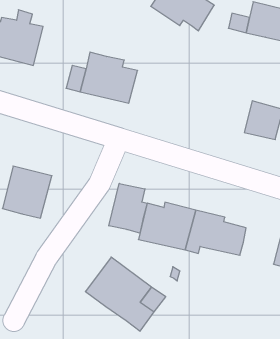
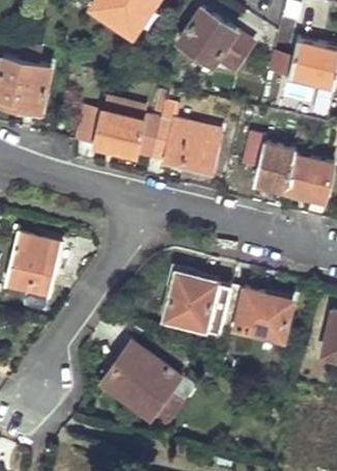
building: none -> [152,121,220,173]
building: none -> [244,135,298,194]
building: [109,183,147,233] -> none

